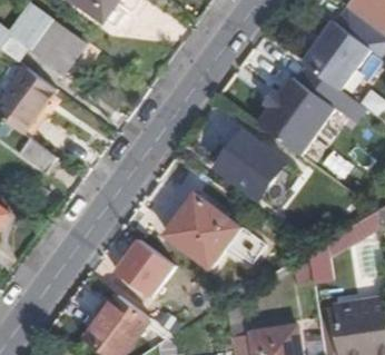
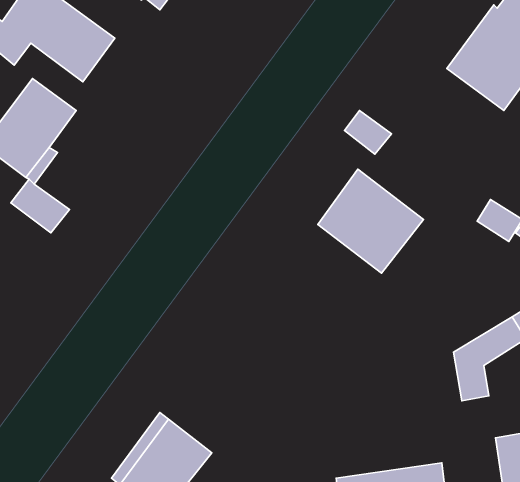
building: [259,78,336,156] -> none
building: [166,195,239,267] -> none
building: [115,238,178,299] -> none

